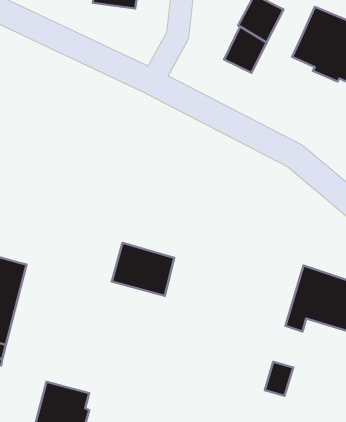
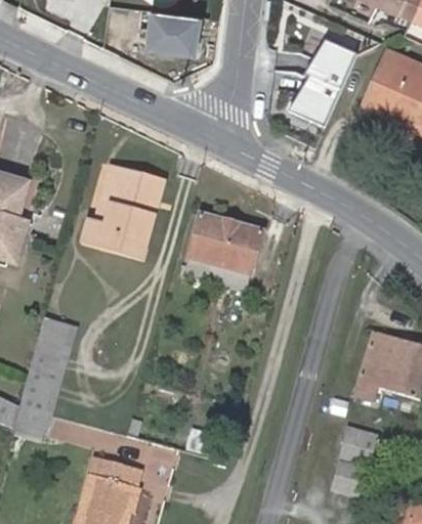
building: none -> [88,164,168,258]
building: [112,243,174,296] -> [193,216,260,273]

